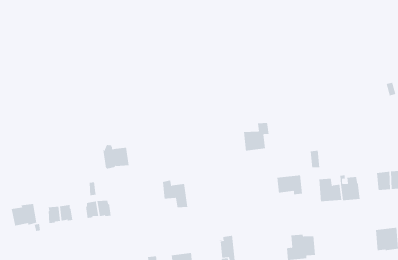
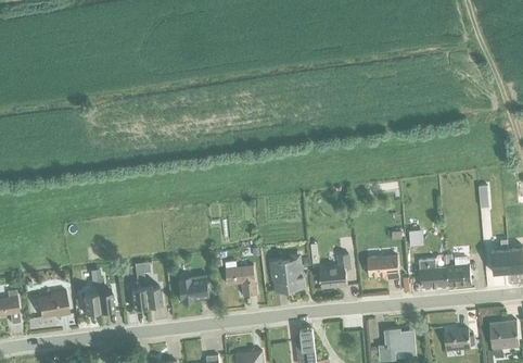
building: [243,122,269,151] -> [318,253,350,289]
building: [102,145,130,169] -> [175,272,208,302]
building: none -> [268,253,308,291]
building: none -> [443,325,473,350]

